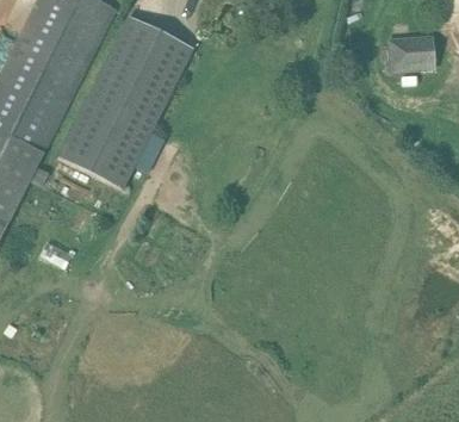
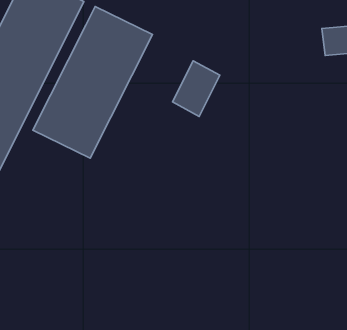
building: none -> [172,61,220,116]

